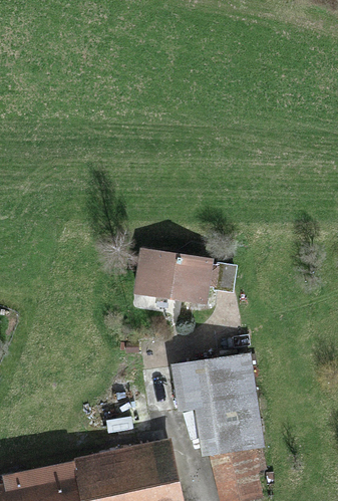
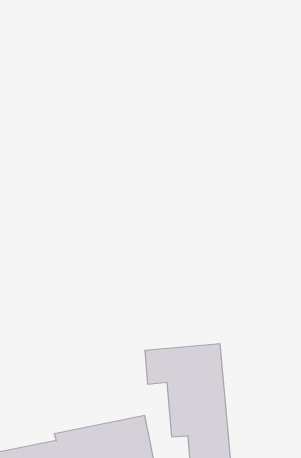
building: [138,248,217,304] -> none

